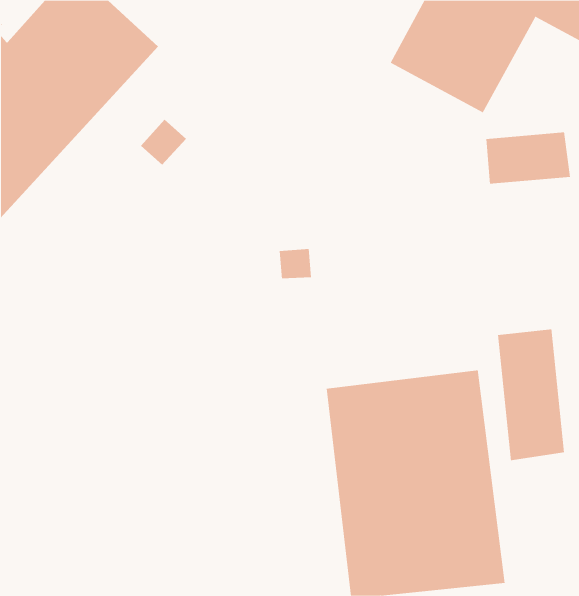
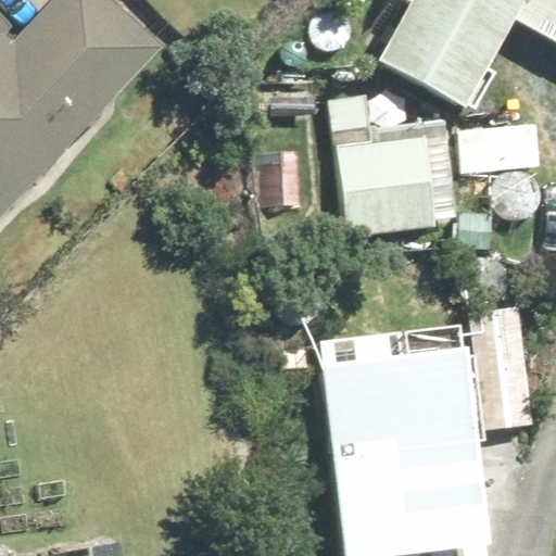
building: none -> [334,92,446,235]

